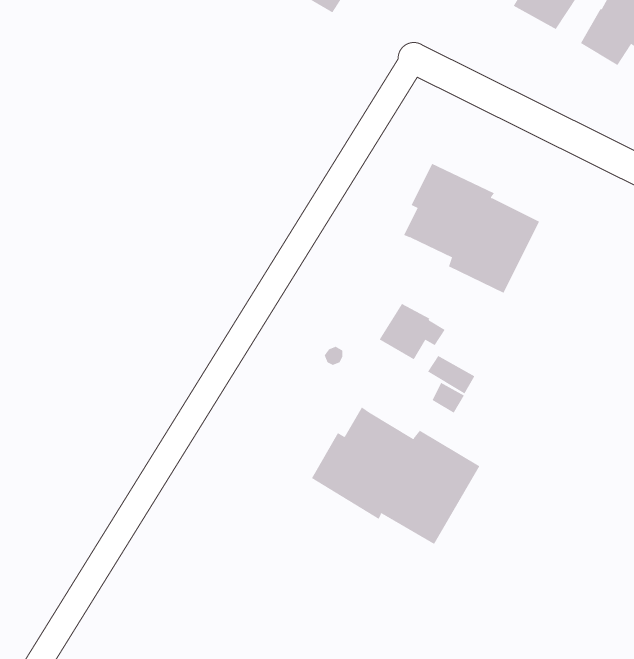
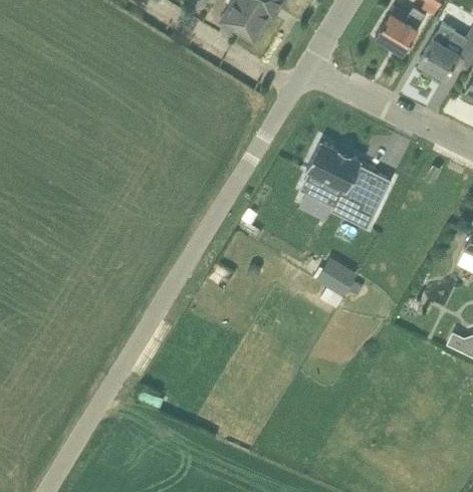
building: [379,303,445,360] -> none
building: [311,407,480,545] -> none

